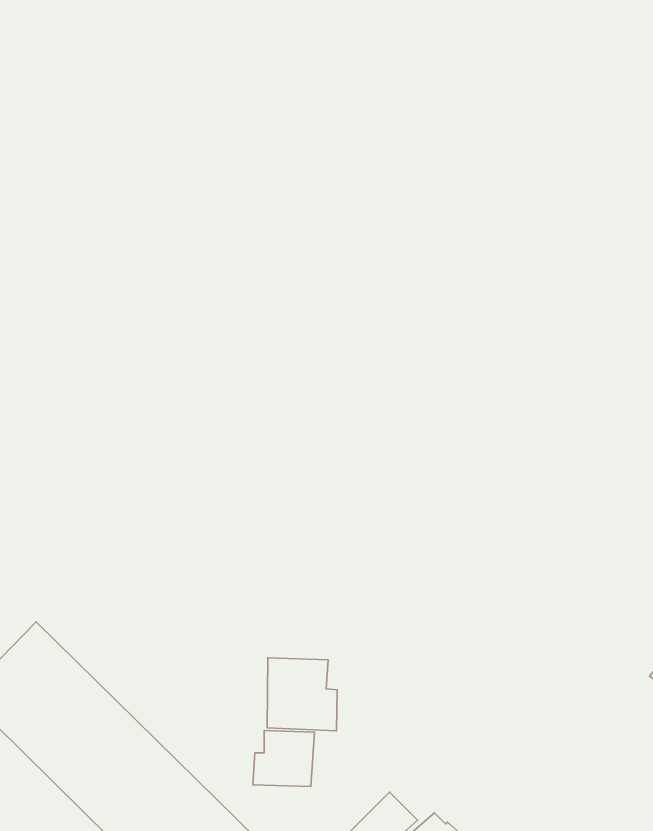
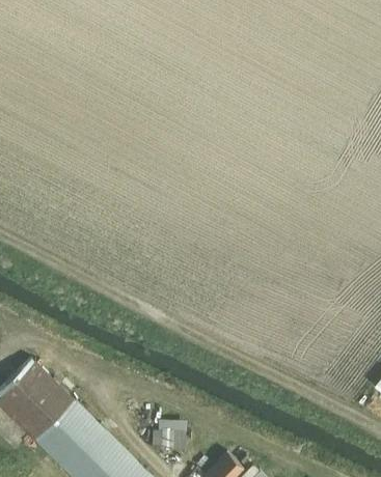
building: [267,658,337,731] -> none

